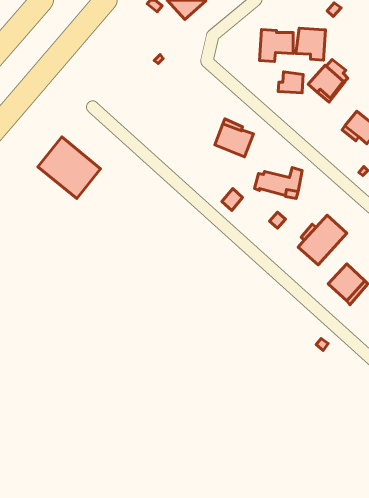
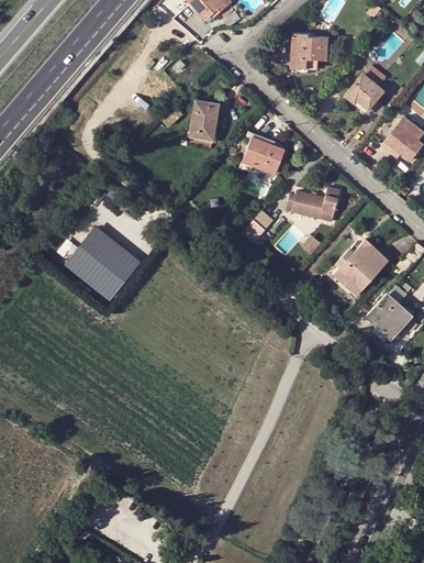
building: [296,28,325,60] -> none
building: [278,72,303,93] -> none
building: none -> [187,101,219,147]
building: [38,137,101,198] -> [69,229,138,297]

